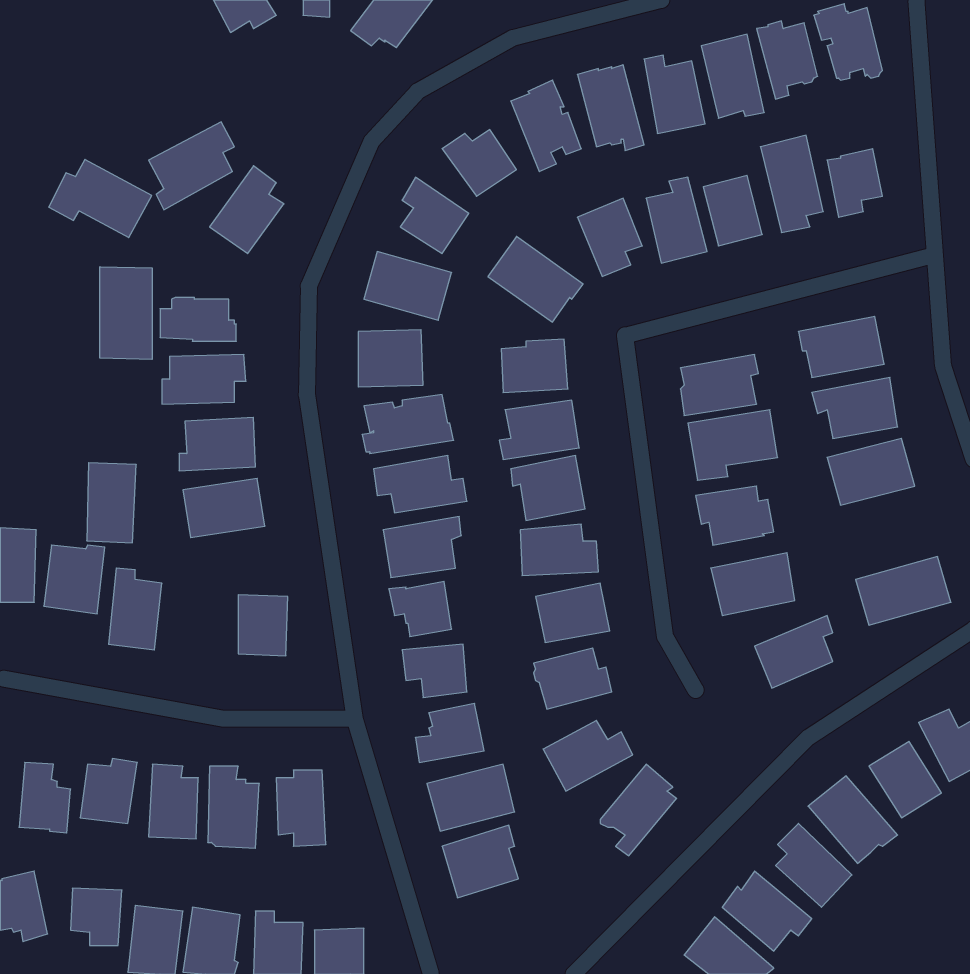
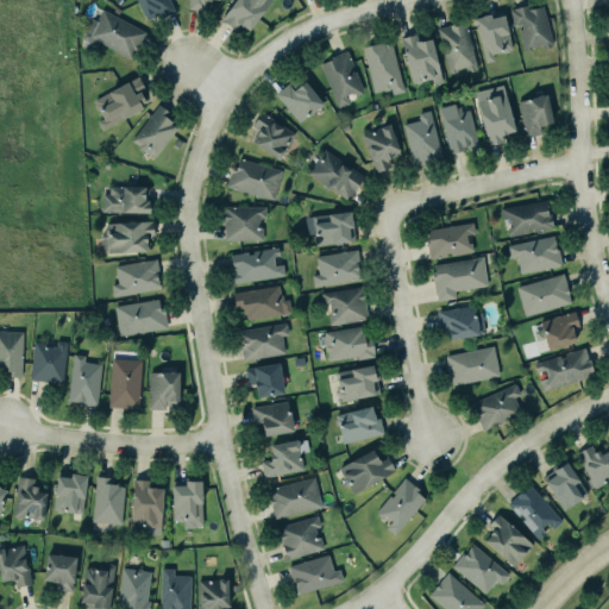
building: [49,159,152,238] -> [81,8,145,57]
building: [100,267,152,359] -> none
building: [87,463,136,543] -> [112,358,143,408]
building: none -> [541,310,582,351]
building: none -> [288,554,344,594]

